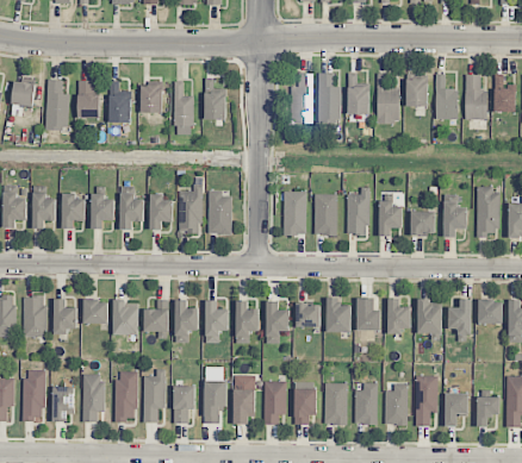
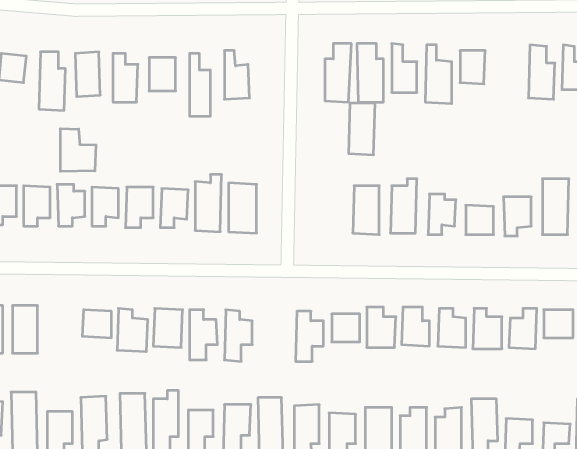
building: [435,74,458,119] -> none
building: none -> [60,129,96,171]
building: [284,192,306,236] -> [349,103,375,155]
building: [54,299,77,332] -> none
building: [236,301,260,344] -> none

